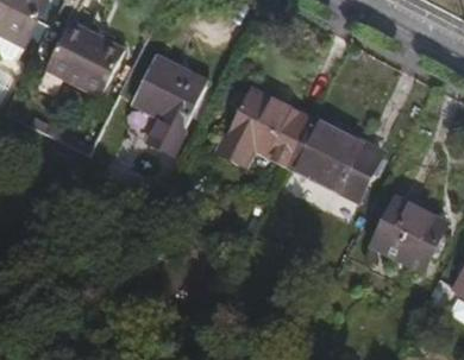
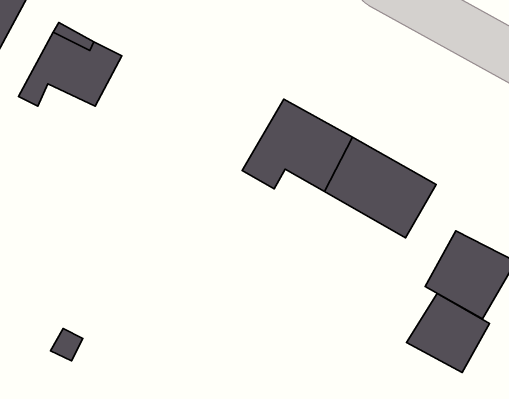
building: [131,52,207,149] -> none
building: none -> [407,293,490,373]

